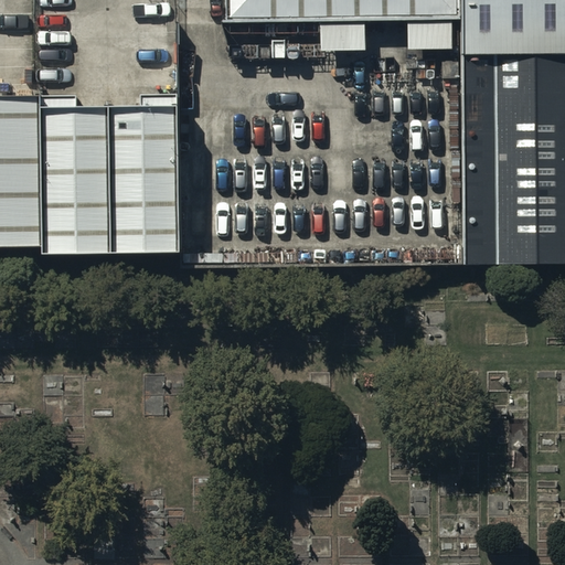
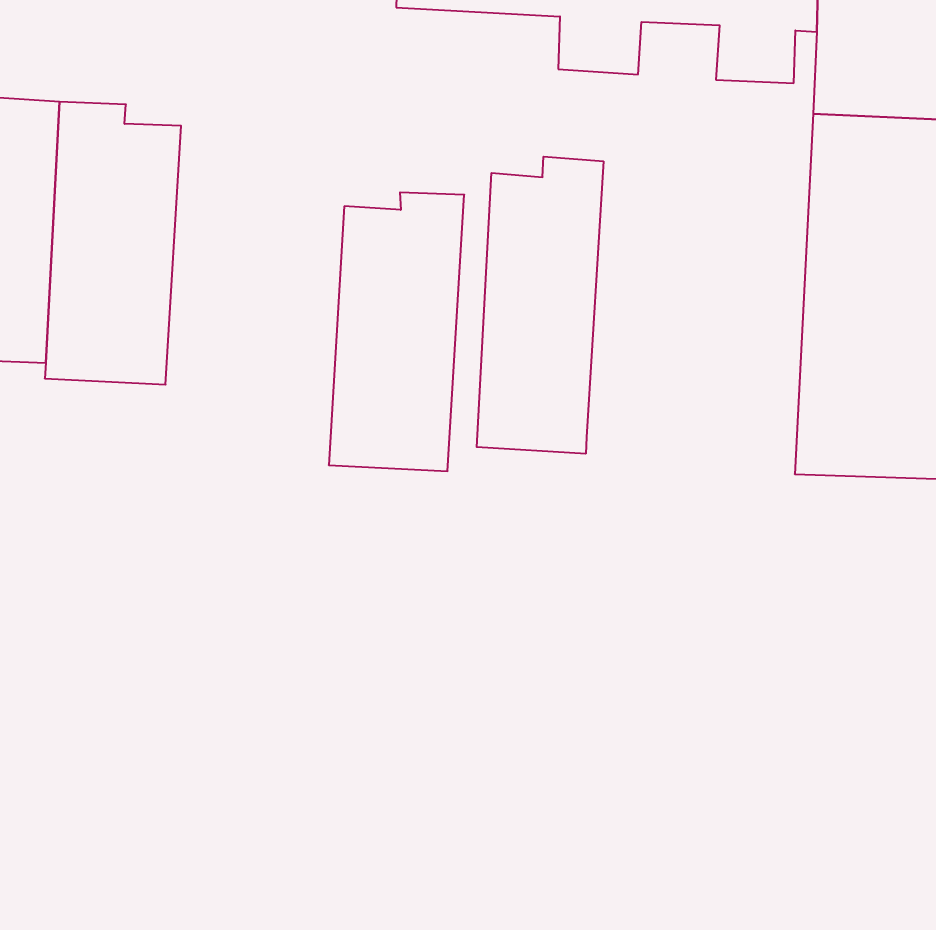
building: [107,89,175,247] -> [329,192,464,471]
building: none -> [477,157,603,454]

